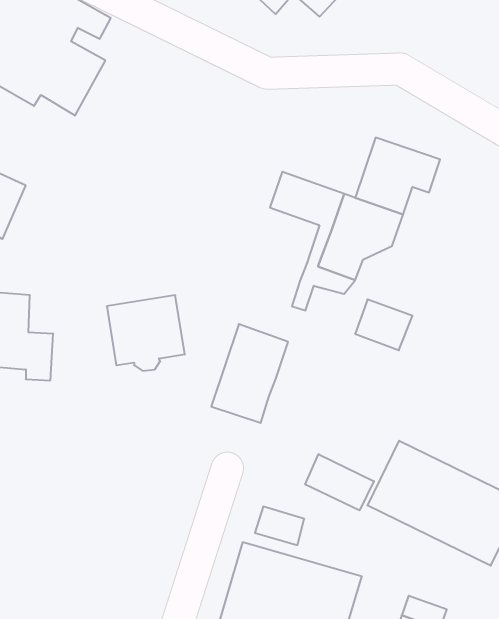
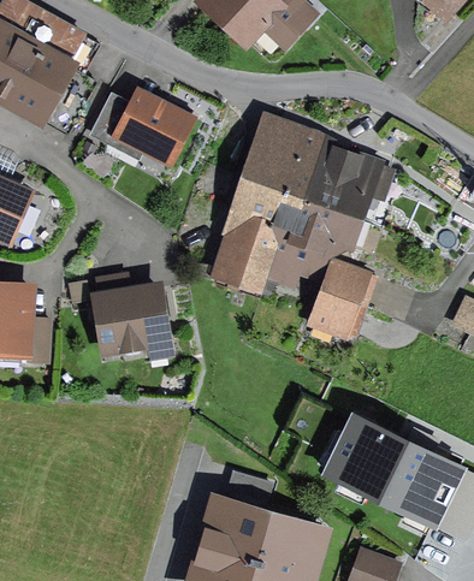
building: none -> [91,93,189,159]
building: none -> [250,120,331,201]
building: none -> [325,260,375,304]
building: [211,324,288,423] -> [215,209,283,296]
building: [305,454,374,510] -> none

